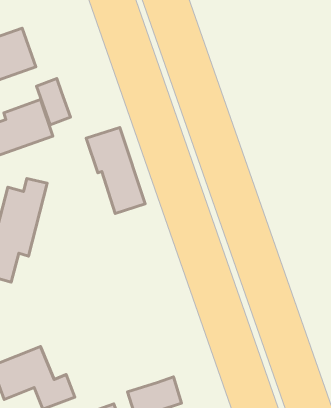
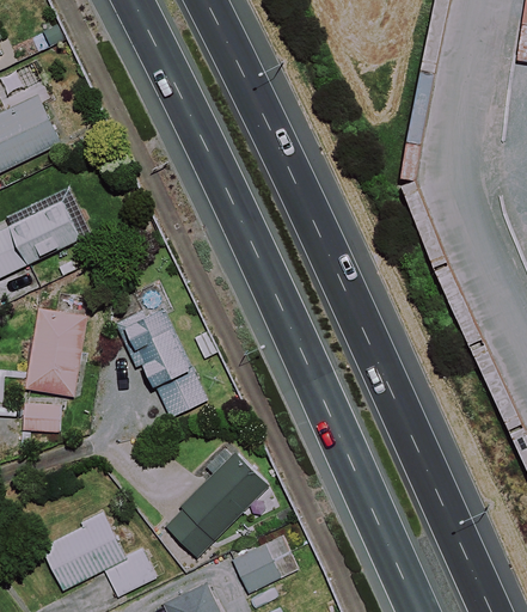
building: [36,78,71,125] -> none
building: [86,127,145,213] -> [118,304,206,418]
building: none -> [164,452,269,557]

